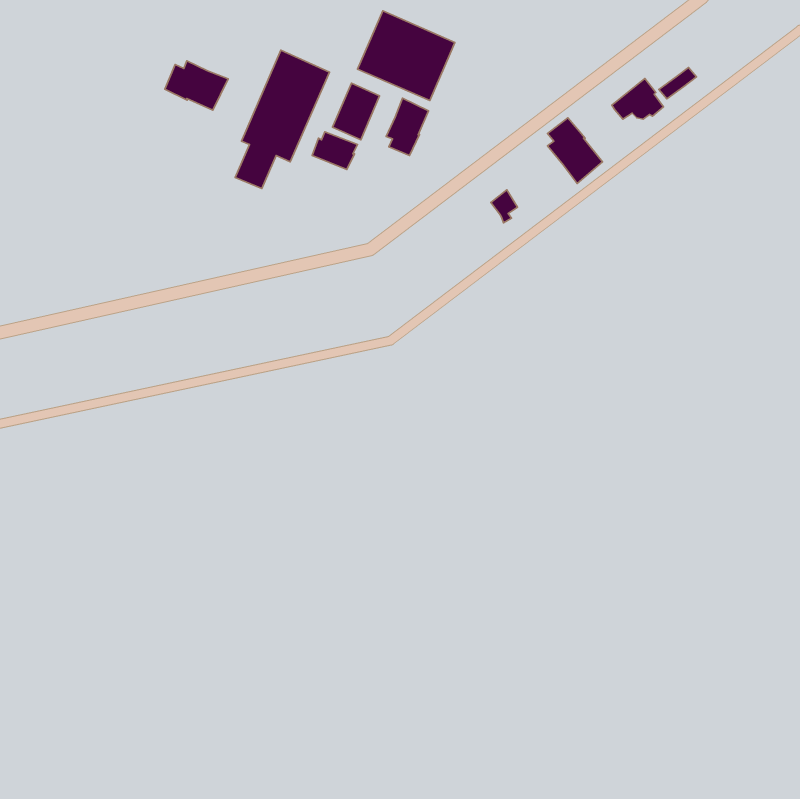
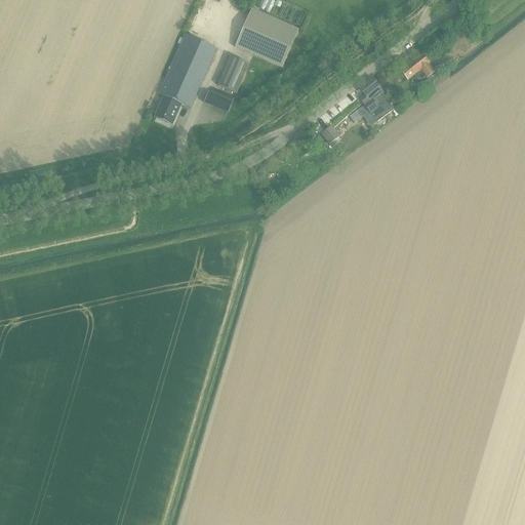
building: [165,61,228,110] -> none
building: [386,98,429,155] -> none

